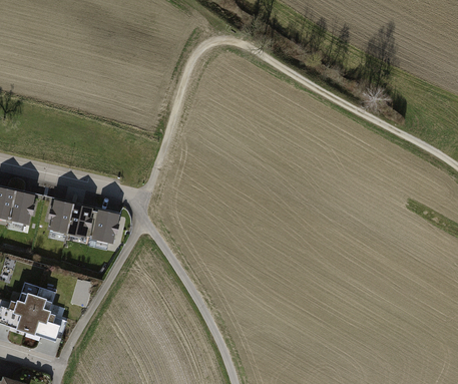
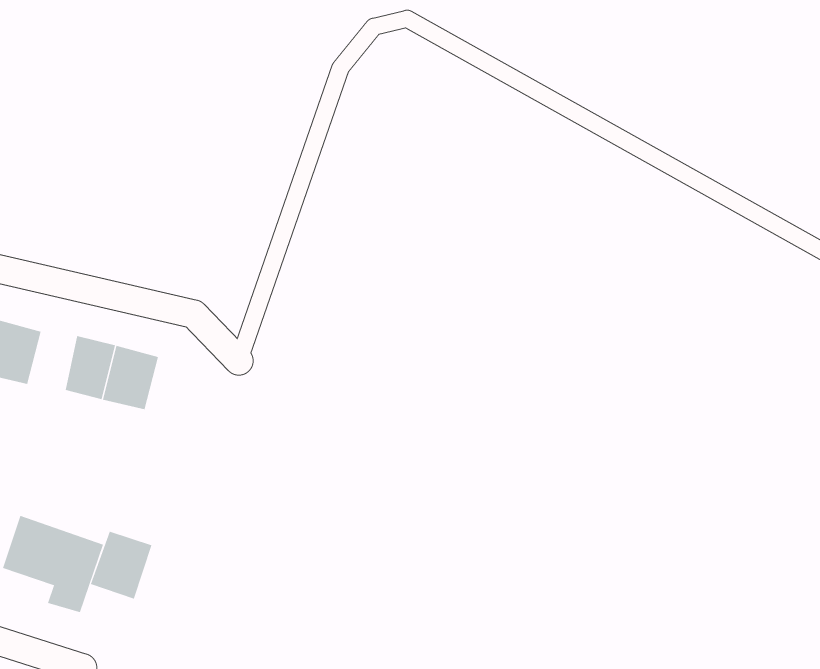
building: [89,210,118,243] -> none
building: none -> [90,531,152,600]

